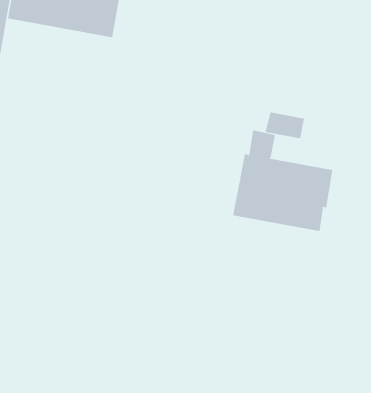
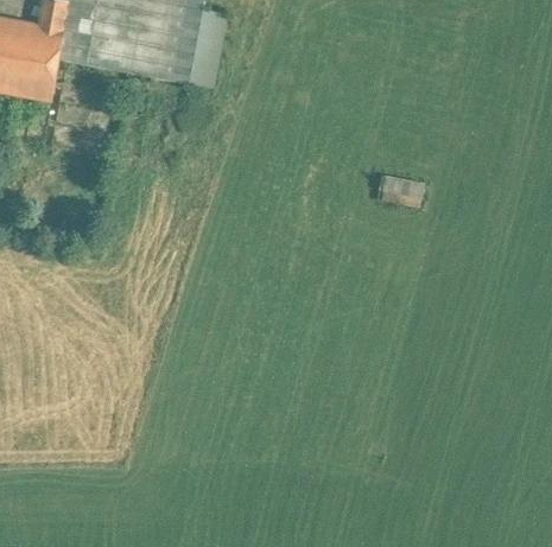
building: [233,130,333,232] -> none

